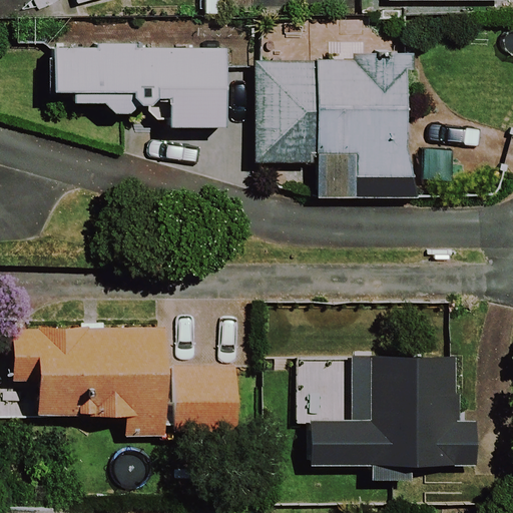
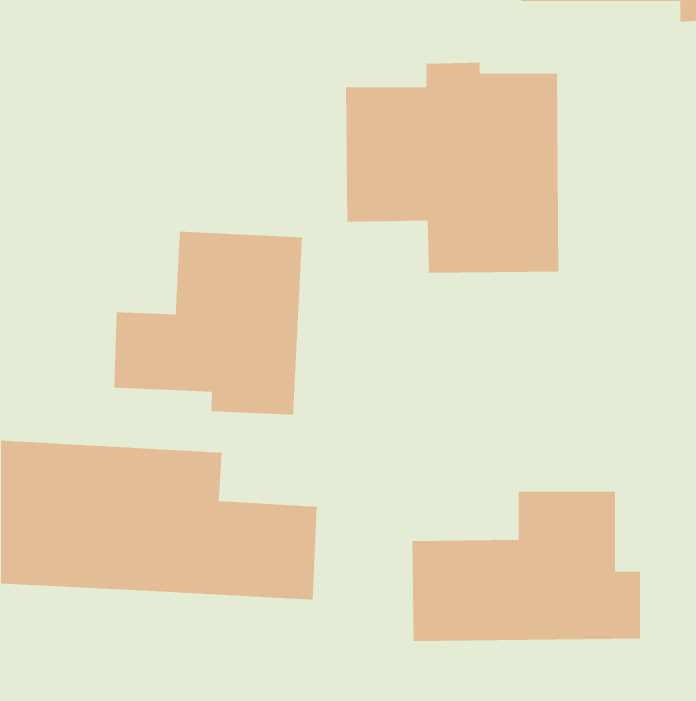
building: [47,41,229,128] -> none
building: none -> [114,231,302,415]

